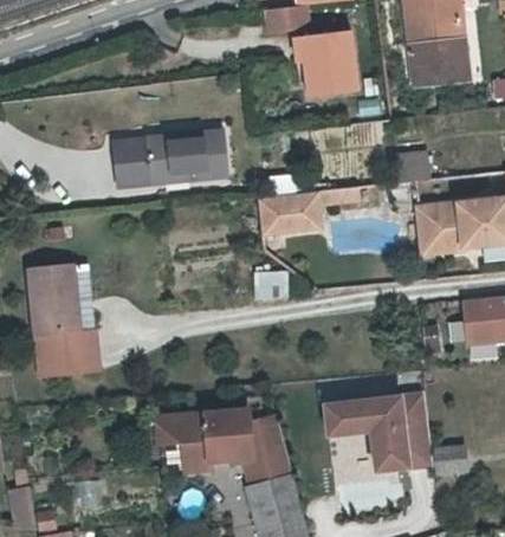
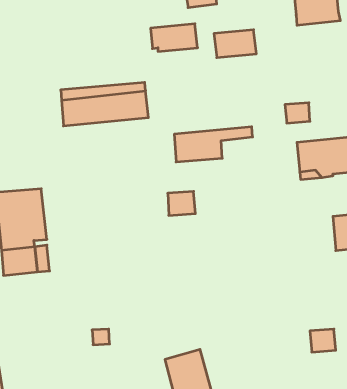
building: [297,32,357,67] -> [151,24,198,51]
building: [413,51,471,84] -> none
building: [324,399,428,474] -> none
building: [155,403,289,485] -> none

